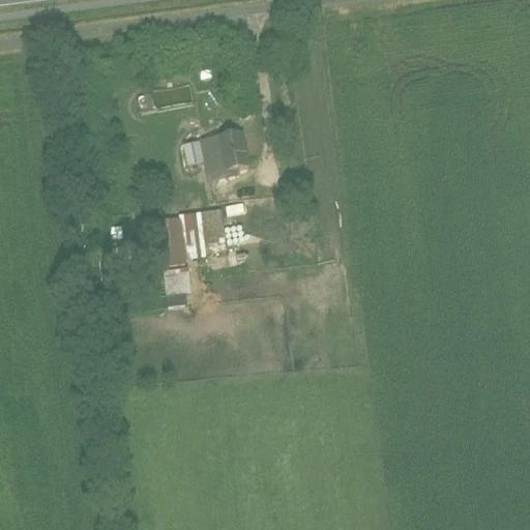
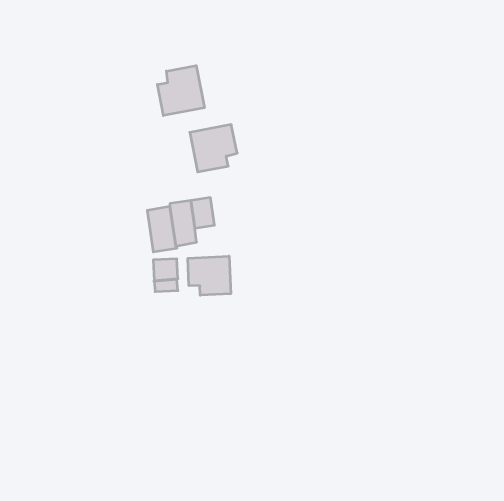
building: none -> [157,66,204,116]
building: none -> [188,256,231,295]

